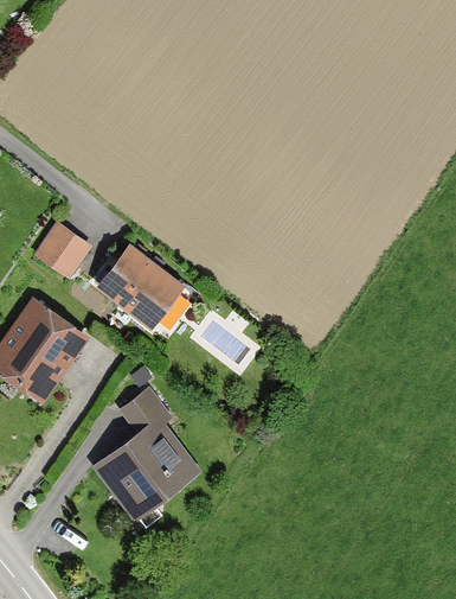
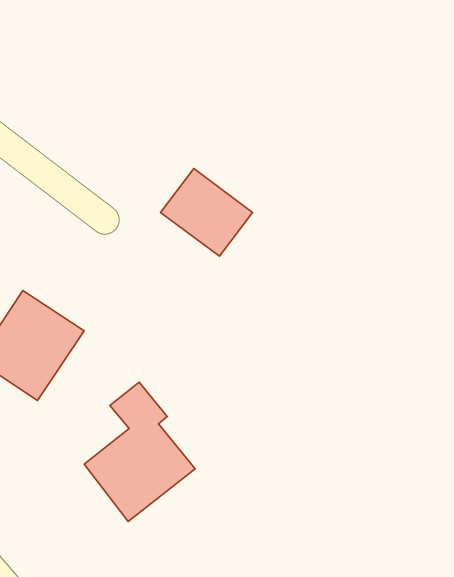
building: [36,223,92,279] -> none
building: [95,242,184,327] -> [161,168,252,256]

